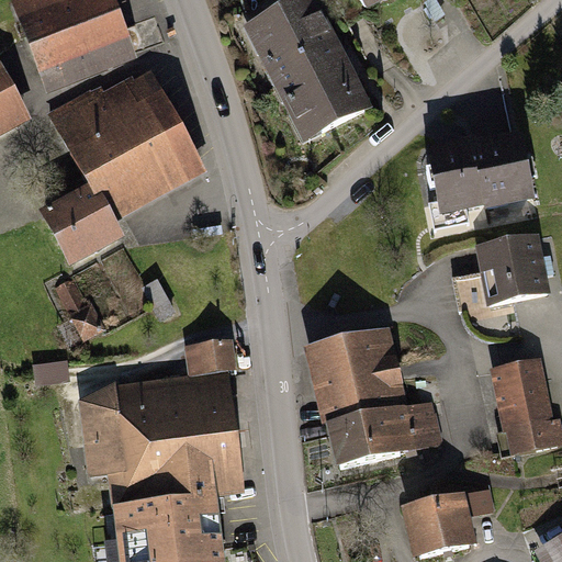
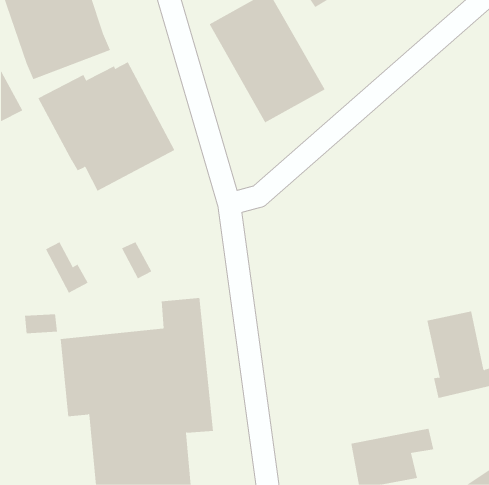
building: [420,135,537,228] -> none
building: [36,183,123,266] -> none
building: [475,232,553,305] -> none
building: [302,324,446,464] -> none

